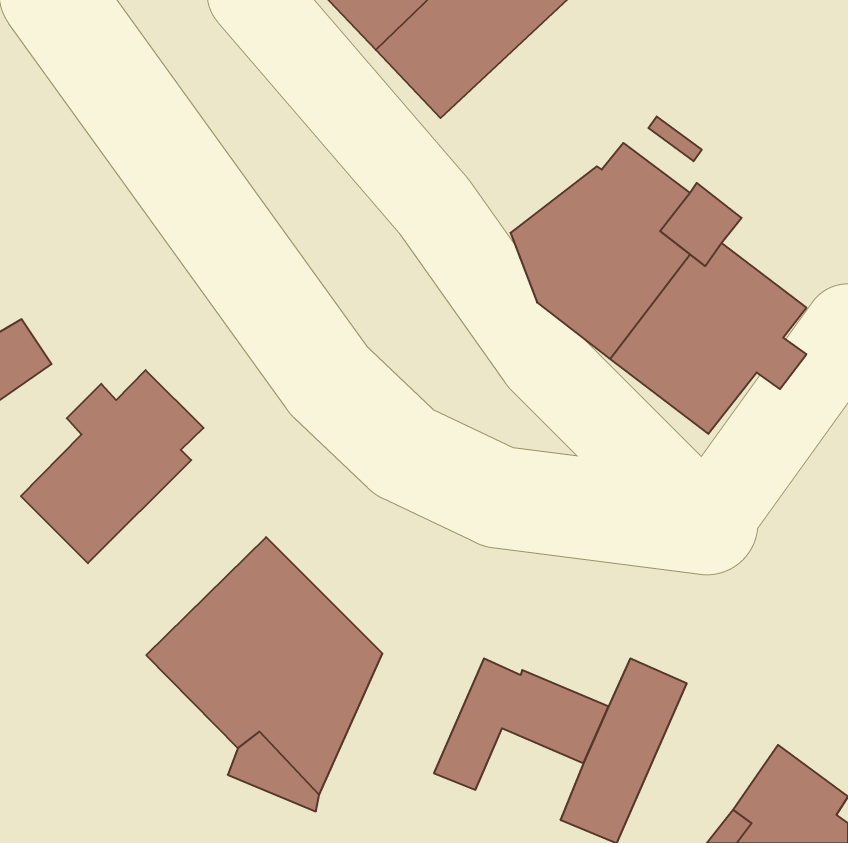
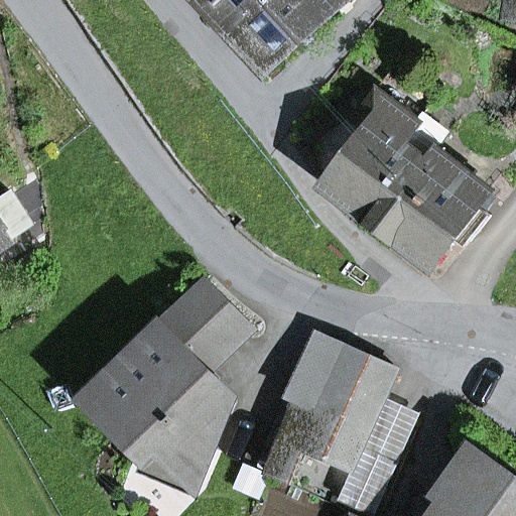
building: [21,370,204,563] -> none
building: none -> [161,282,249,370]
building: none -> [293,338,396,428]

